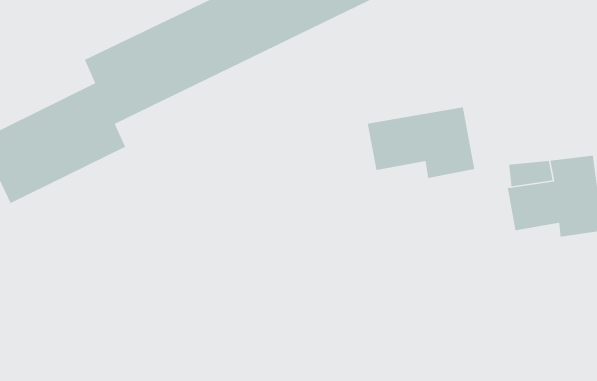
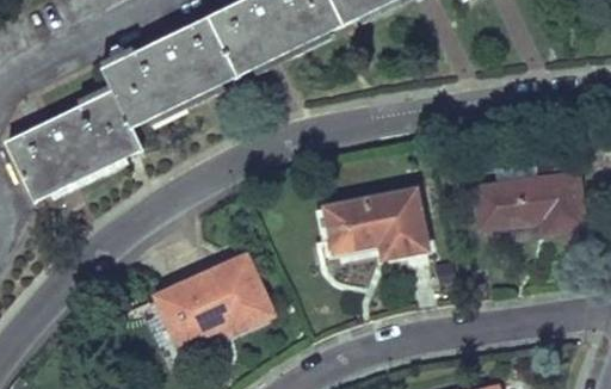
building: [367,106,475,179] -> [326,191,426,258]
building: none -> [158,261,270,344]

